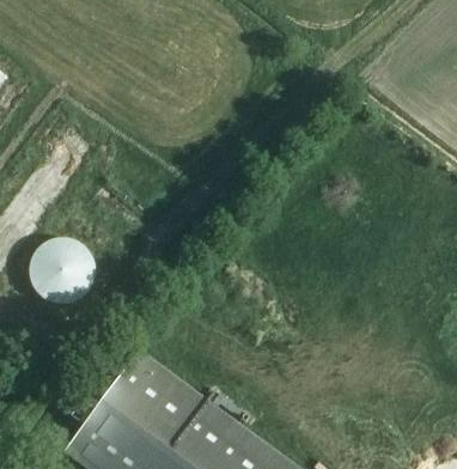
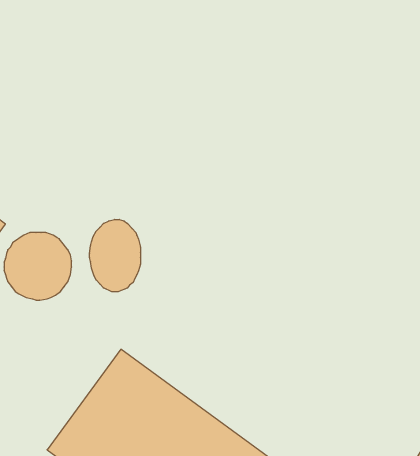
building: none -> [90,219,140,292]

